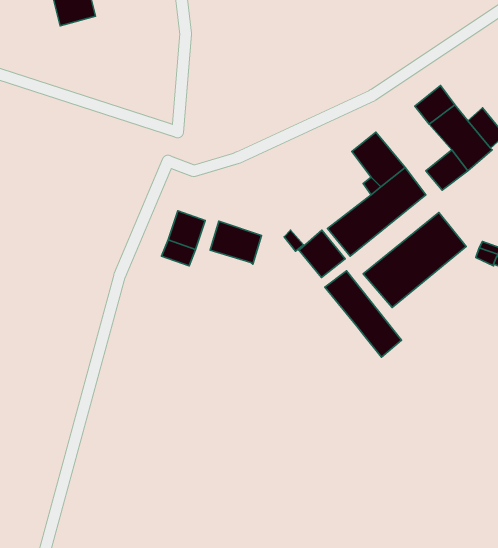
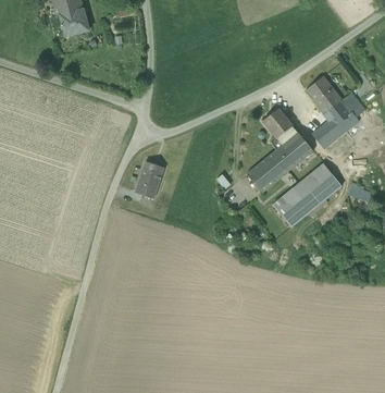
building: [210,221,261,264] -> none
building: [298,230,345,278] -> none
building: [325,271,402,357] -> none

